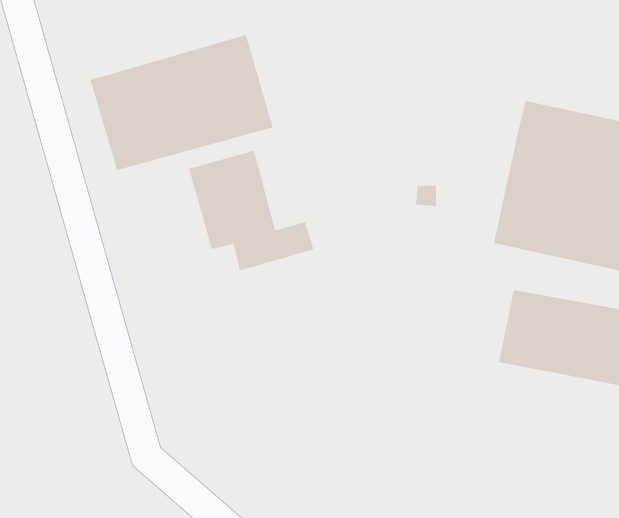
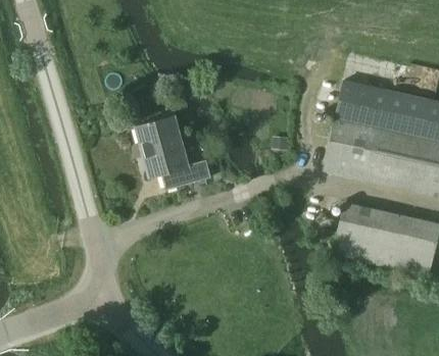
building: [90,34,274,171] -> none

